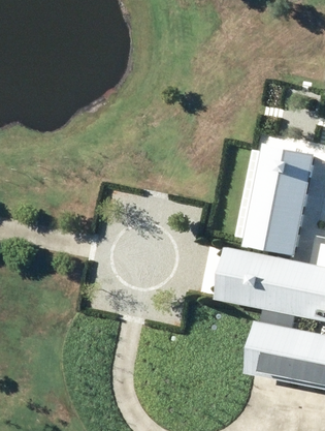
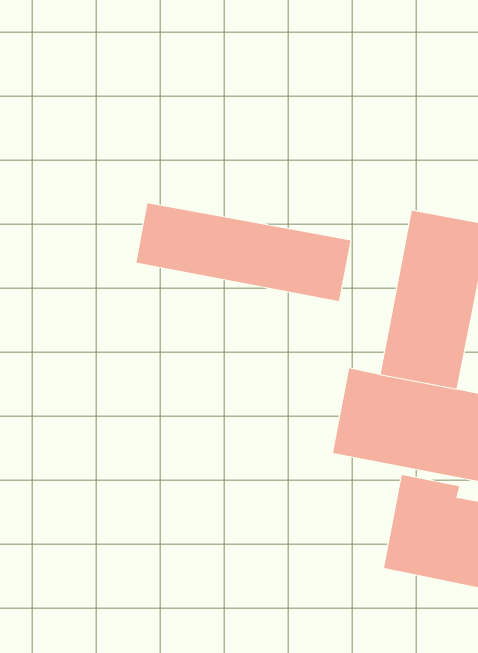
building: none -> [136,203,351,302]

